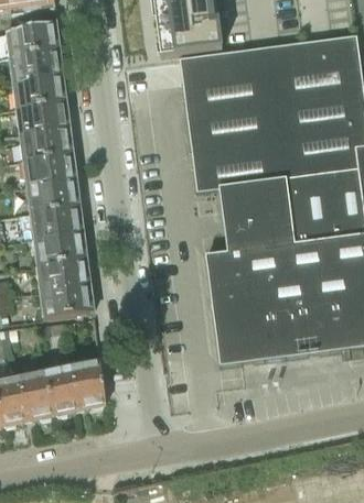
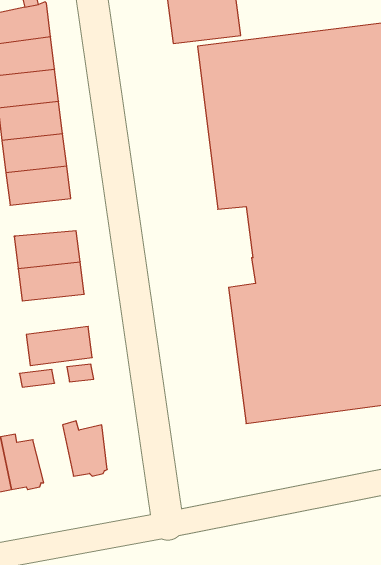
building: [25,181,79,211] -> none
building: [35,259,89,292] -> none
building: [44,365,77,415] -> none

